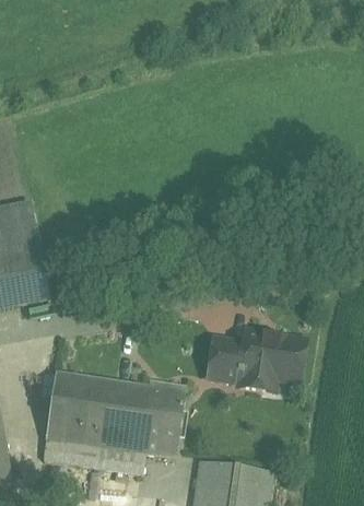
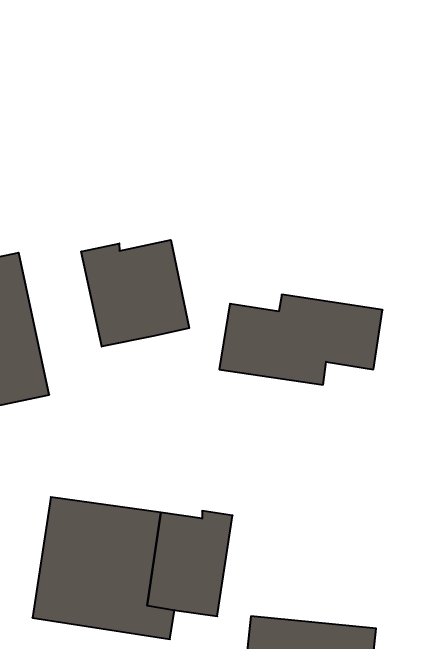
building: none -> [81,240,189,347]
building: [200,321,317,386] -> [219,295,383,385]

